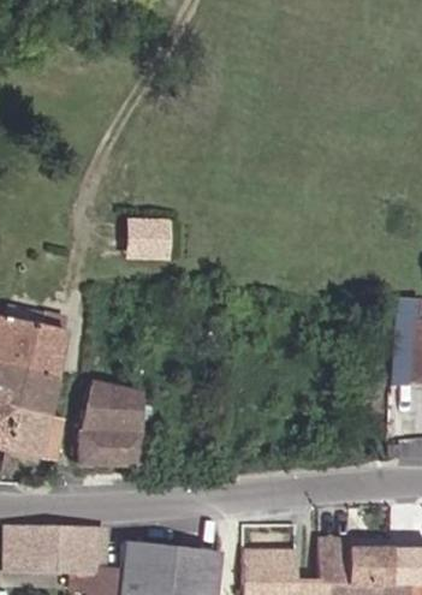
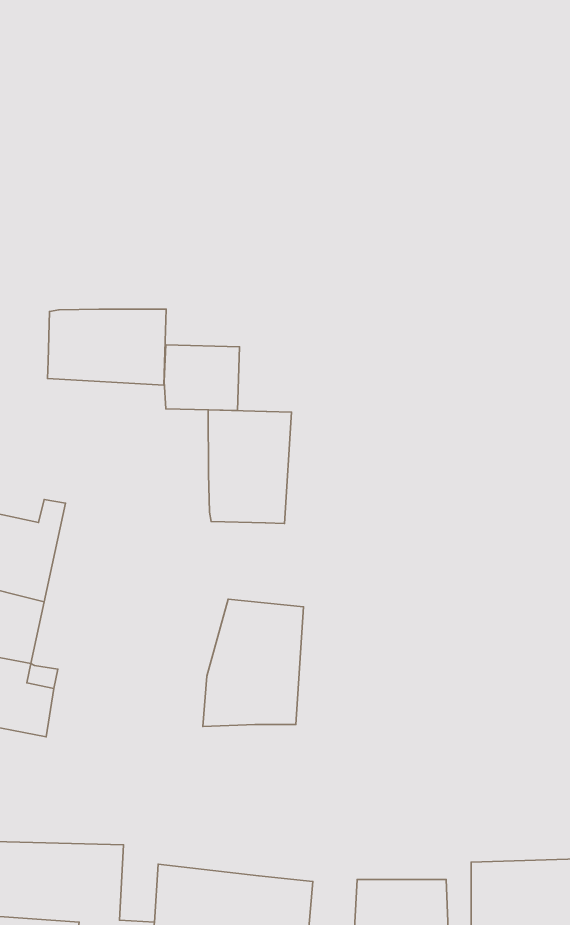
building: none -> [48,309,166,385]
building: none -> [208,410,292,523]
building: [76,383,138,463] -> [203,599,303,726]

